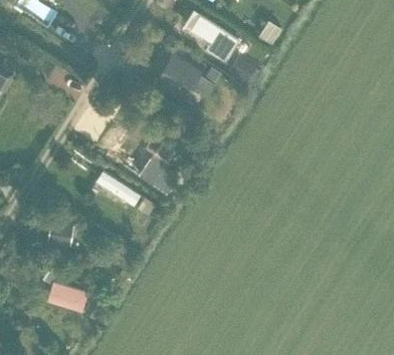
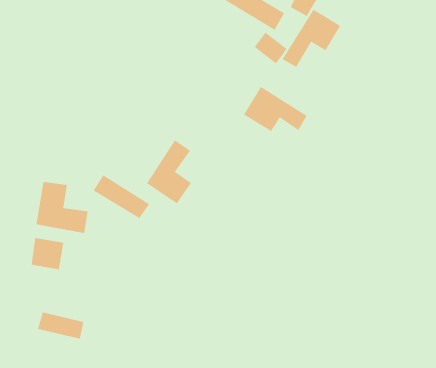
building: none -> [282,9,341,68]
building: [161,61,213,98] -> [243,86,307,132]
building: none -> [36,181,88,234]

